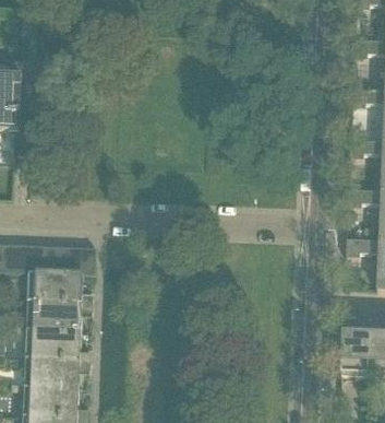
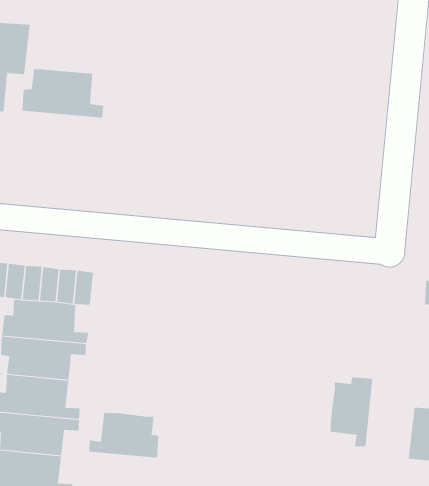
building: none -> [22,67,104,119]
building: none -> [330,377,373,447]
building: none -> [89,412,159,458]

